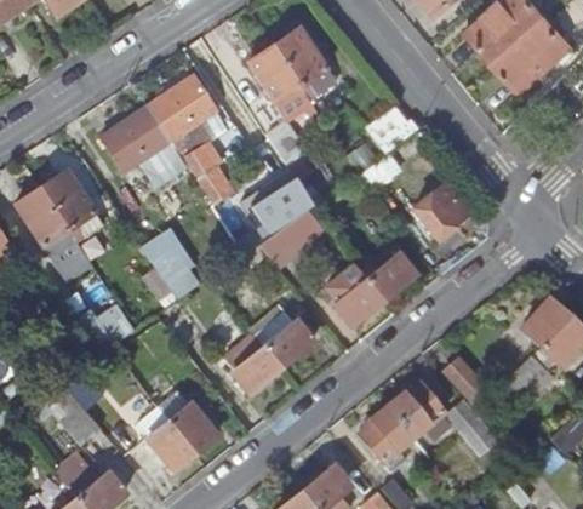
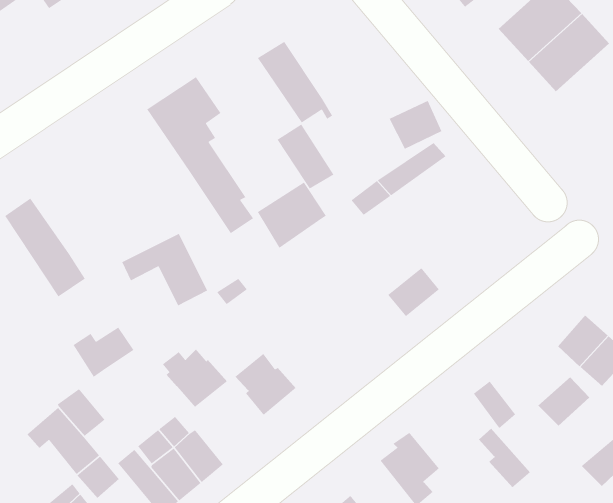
building: [273,27,333,98] -> none
building: [99,108,184,185] -> none
building: [39,172,99,241] -> none
building: [416,183,468,238] -> none
building: [259,208,326,271] -> none
building: [328,265,384,325] -> none
building: [253,310,314,365] -> [162,349,228,408]
building: [388,382,455,441] -> none

